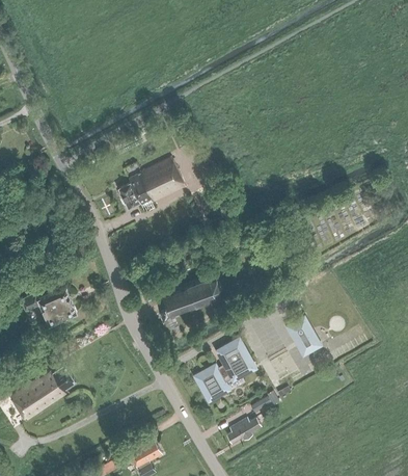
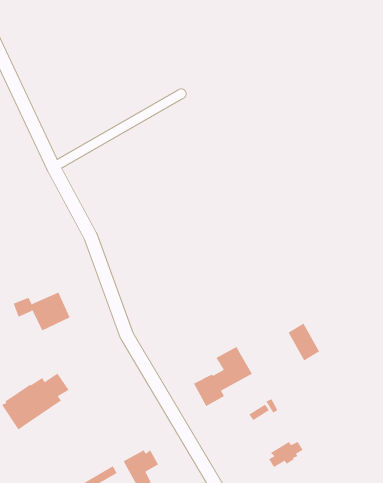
building: [117,157,186,208] -> none
building: [156,276,219,317] -> none
building: [226,417,261,443] -> [268,441,303,468]

